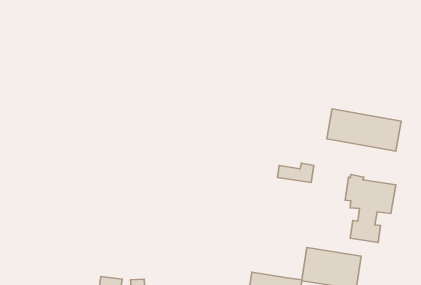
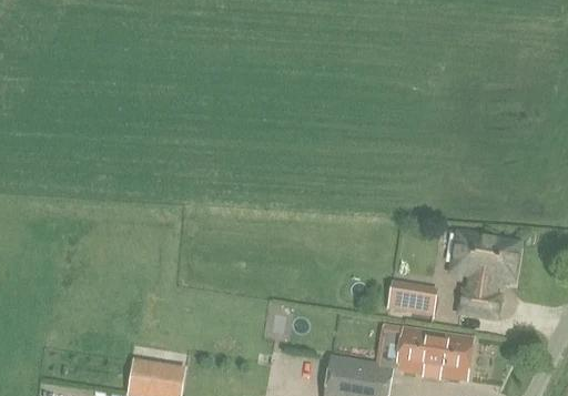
building: [327,109,401,151] -> none
building: [277,163,314,183] -> [387,285,435,311]

